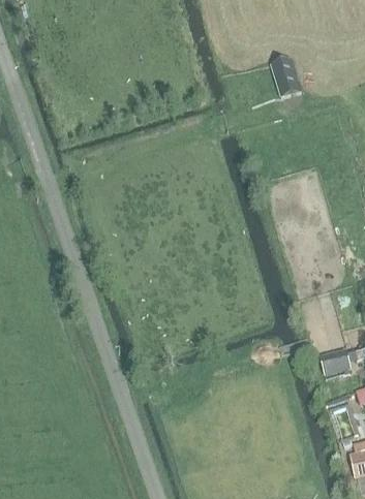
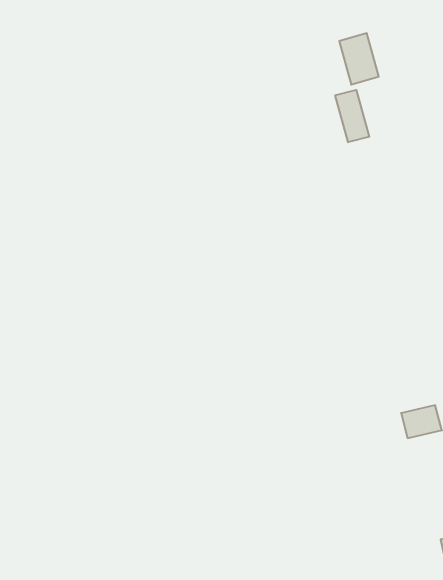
building: none -> [335,90,369,142]

